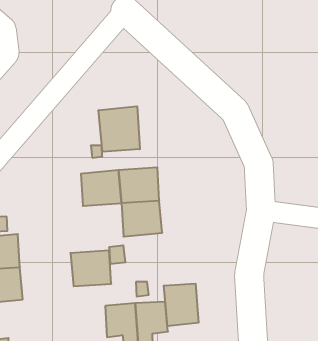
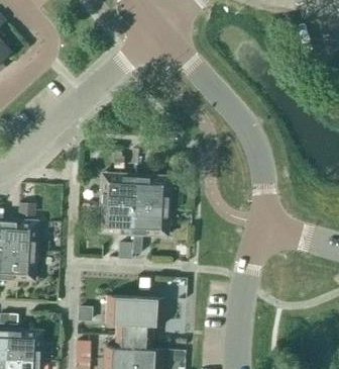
building: [99,106,140,152] -> none
building: [70,250,111,286] -> [99,202,135,235]
building: [164,284,198,326] -> none

